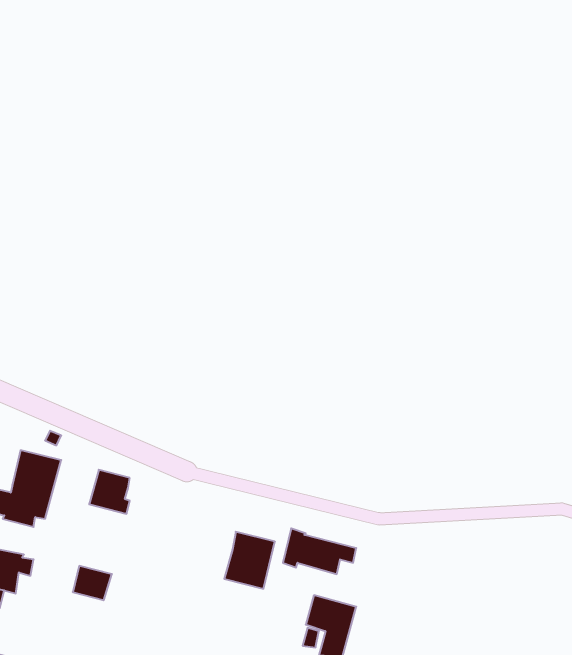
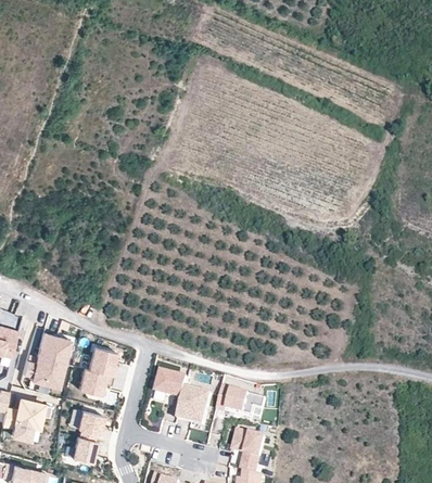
building: none -> [79,369,114,395]
building: none -> [157,372,190,401]
building: none -> [73,437,98,462]

